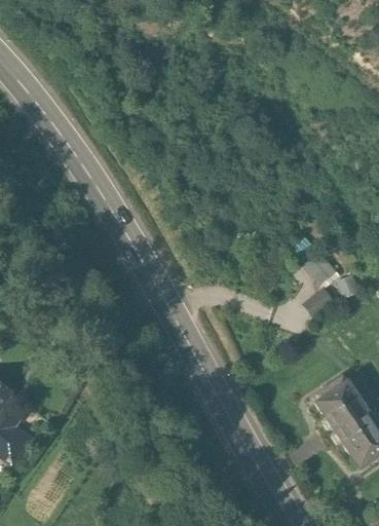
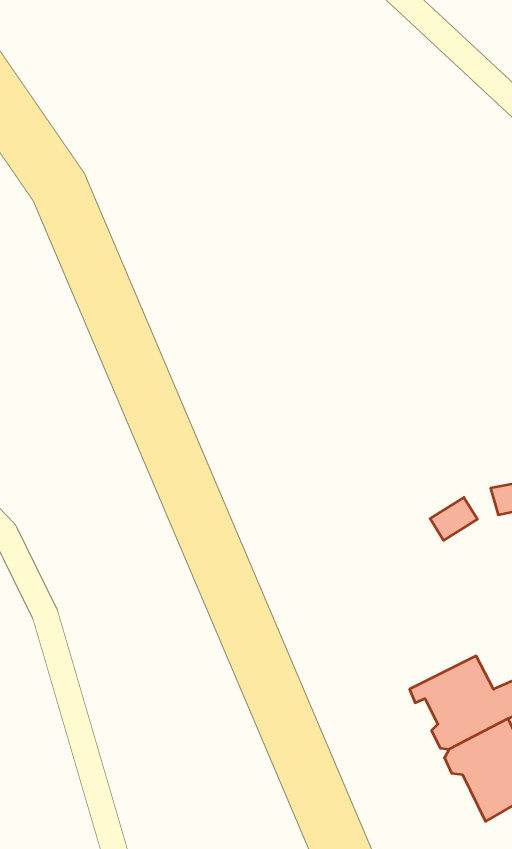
building: [304,251,337,284] -> none

